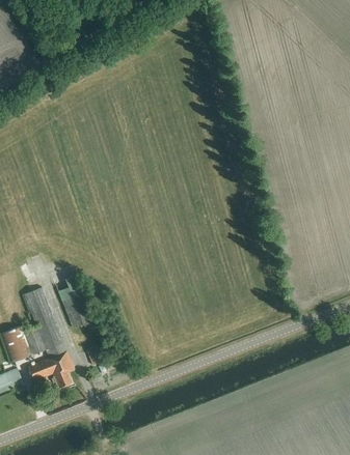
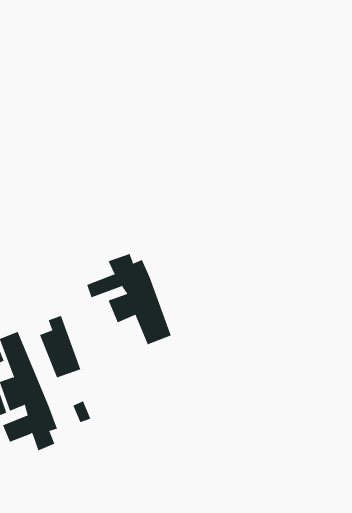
building: none -> [87,253,172,345]

